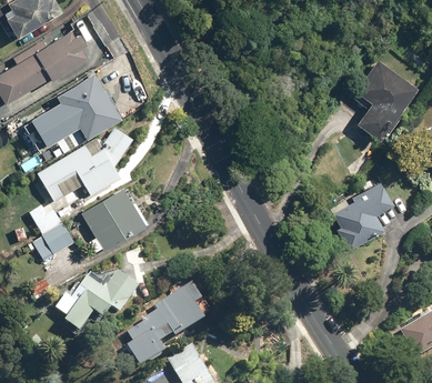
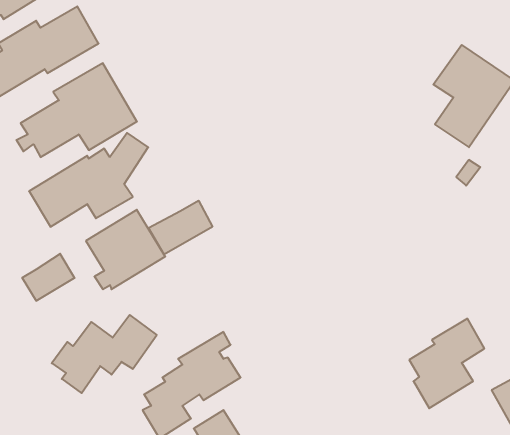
building: [334,180,393,250] -> [409,319,484,408]
building: none -> [149,201,212,255]
building: [30,200,63,234] -> none

